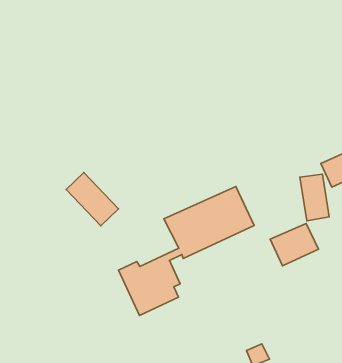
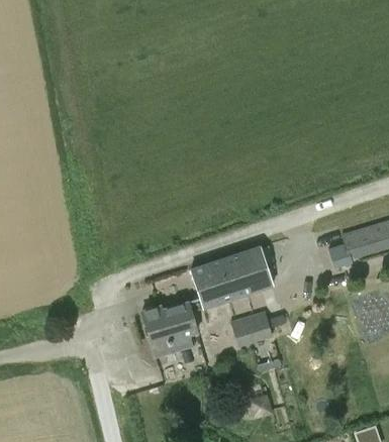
building: [66,173,118,226] -> none
building: [270,223,318,266] -> [230,311,274,347]

